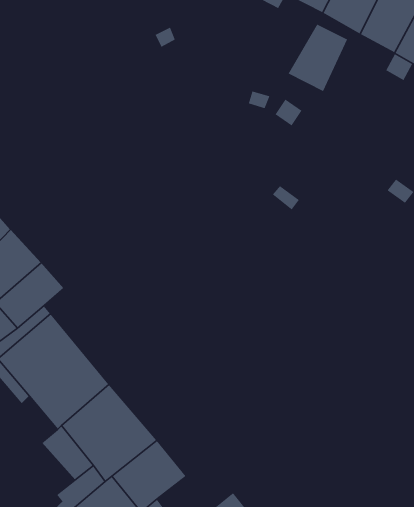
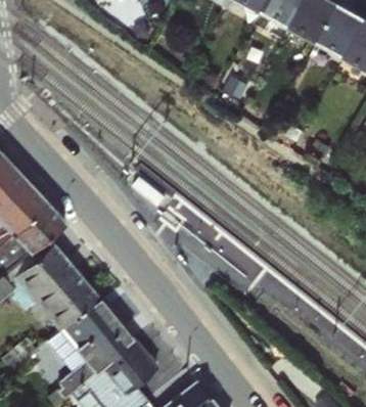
building: [287,23,348,92] -> none

